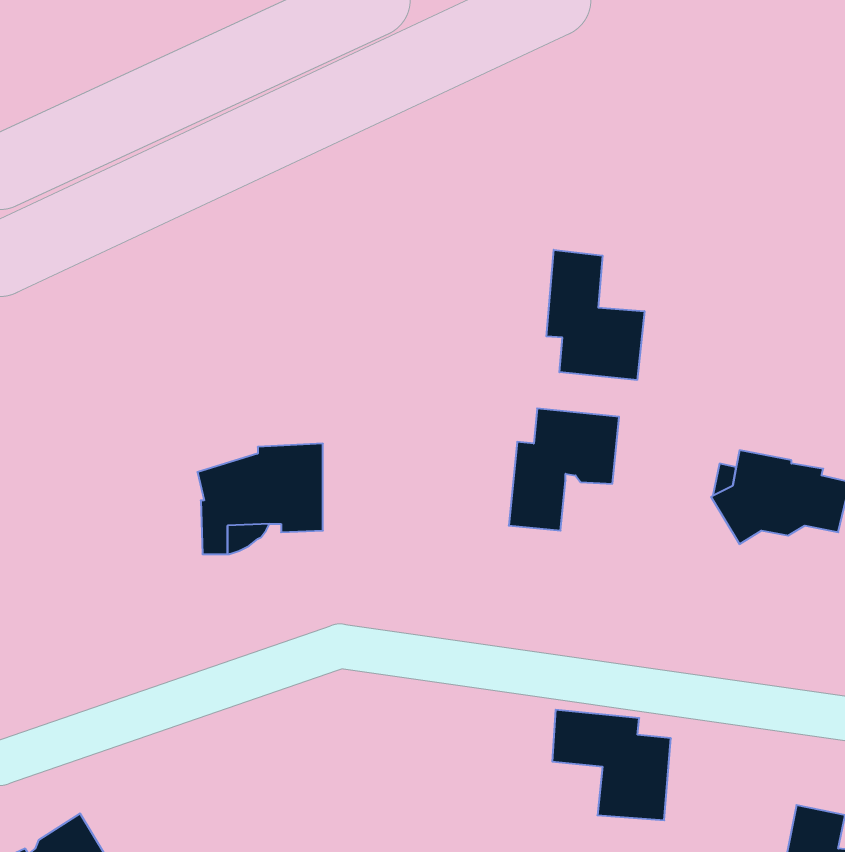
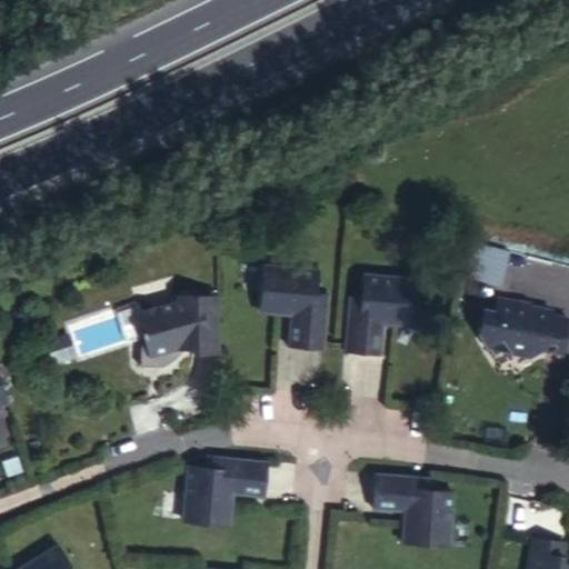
building: [546,250,644,380] -> none
building: none -> [261,267,329,350]
building: none -> [183,459,266,526]

